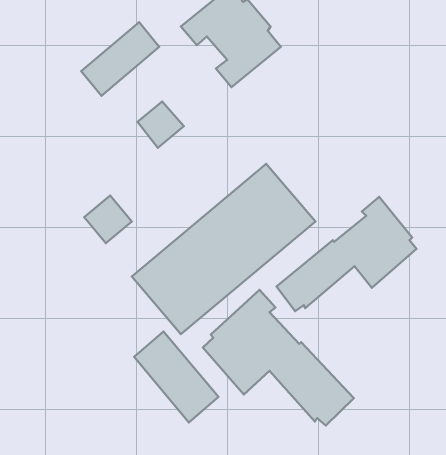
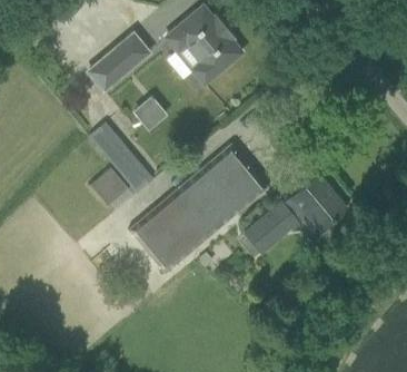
building: none -> [89,120,153,192]
building: [203,290,354,425] -> none
building: [134,331,219,422] -> none

